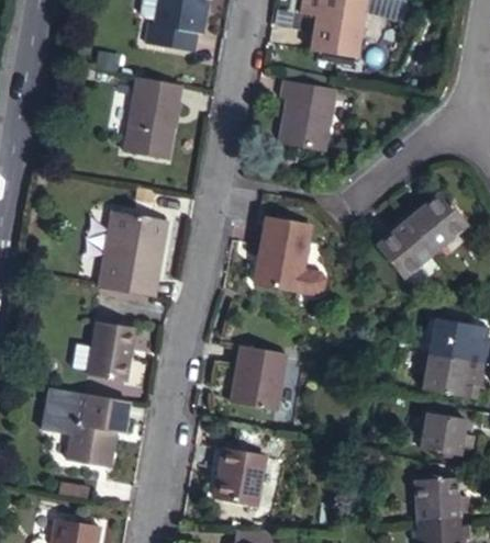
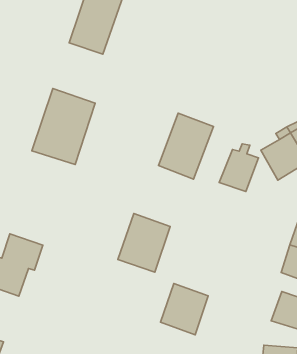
building: [280,78,337,151] -> none
building: none -> [219,144,258,191]
building: [89,319,136,378] -> none
building: [212,450,265,508] -> [161,283,208,335]

